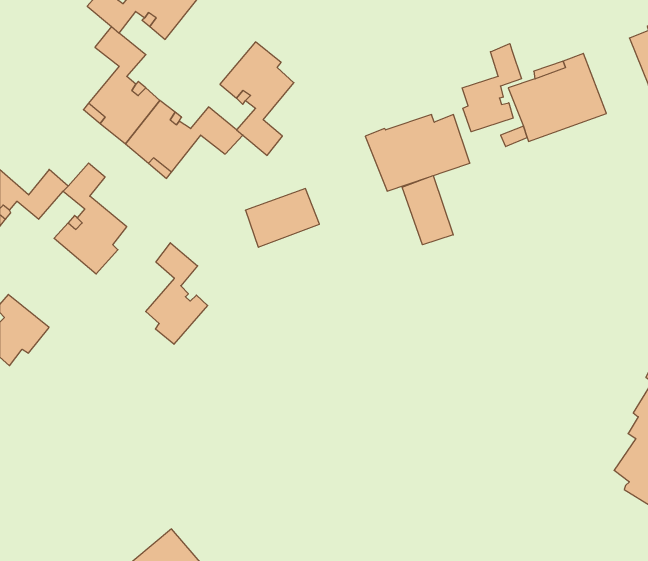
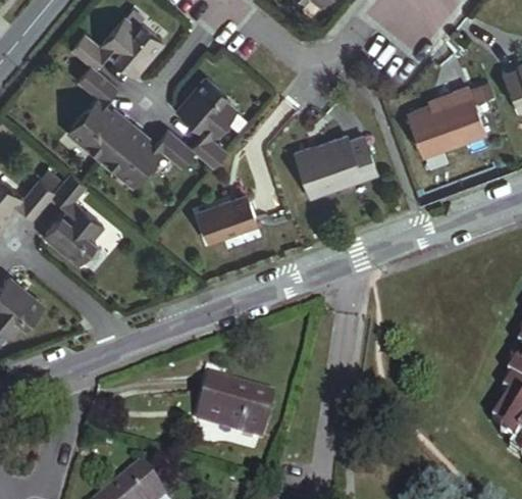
building: [462,44,522,132] -> none
building: [402,176,453,245] -> none
building: [146,243,208,344] -> none
building: none -> [199,380,271,439]

